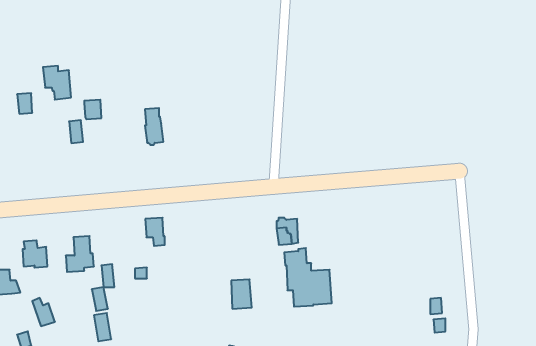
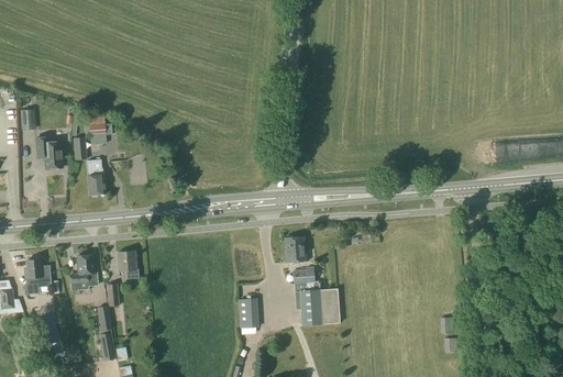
building: [43,66,71,100] -> [34,136,63,170]
building: [145,108,163,145] -> [87,159,106,197]
building: [145,218,165,246] -> [118,251,137,279]

